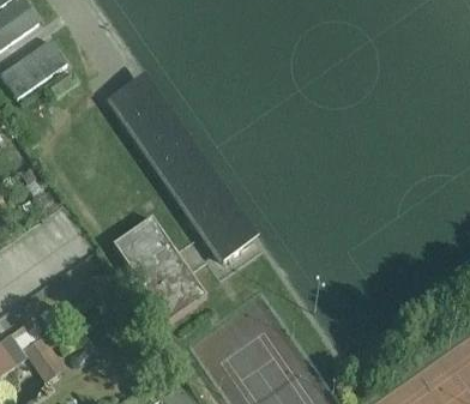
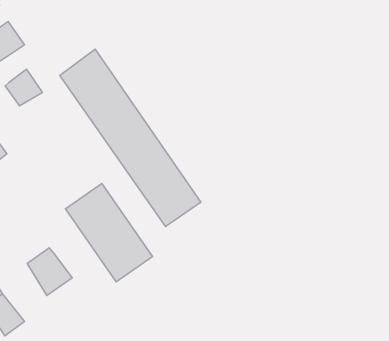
building: none -> [5,69,42,106]
building: none -> [27,248,72,295]

